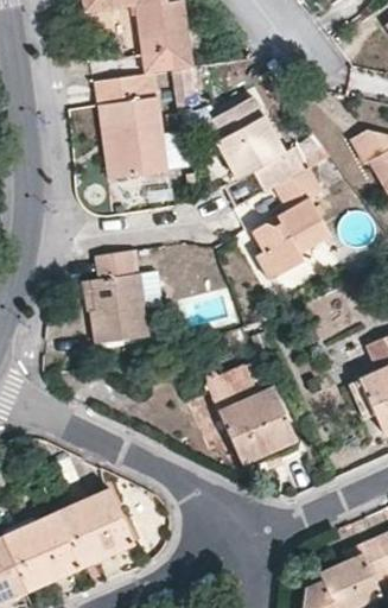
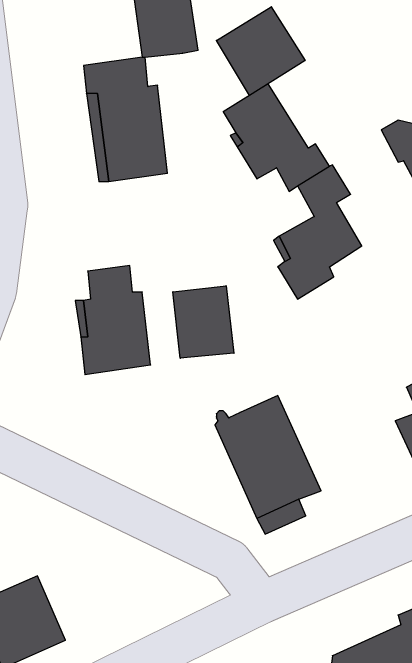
building: none -> [216,7,305,95]
building: none -> [173,286,234,358]
building: [56,489,134,568] -> none

